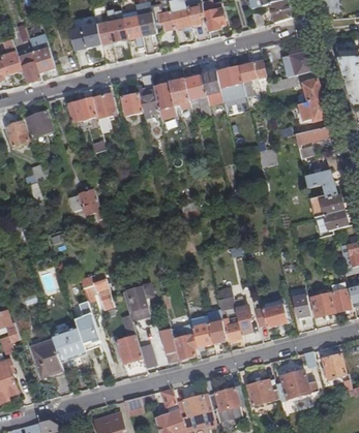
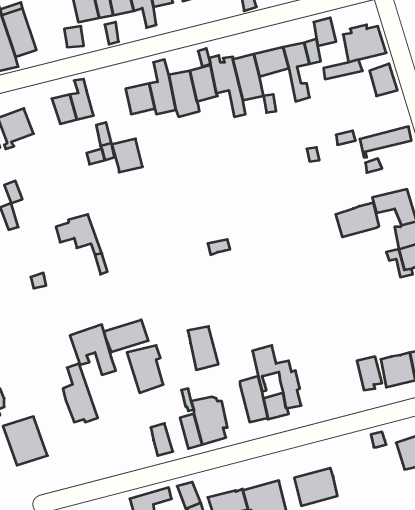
building: [92,93,115,118] -> [112,139,143,172]
building: [298,97,328,121] -> none
building: none -> [336,203,379,237]
building: none -> [104,320,148,352]
building: [262,303,289,328] -> none
building: [190,315,213,347] -> [188,326,218,370]
building: [52,327,86,363] -> none
building: [115,333,142,363] -> none
building: [275,370,318,400] -> none

